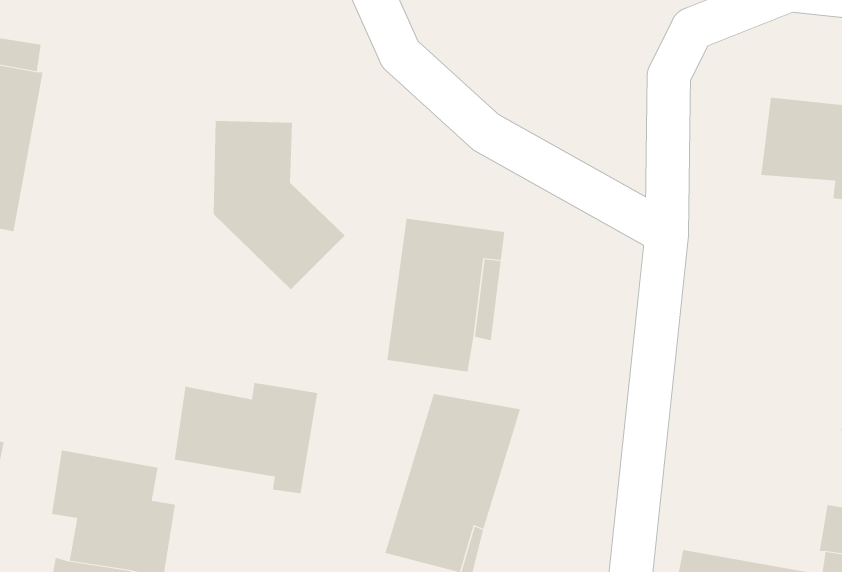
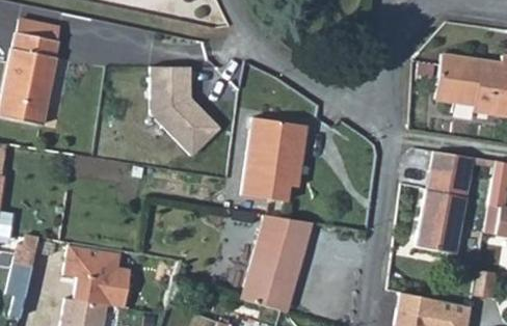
building: none -> [417,151,475,254]
building: [174,382,318,494] -> none

